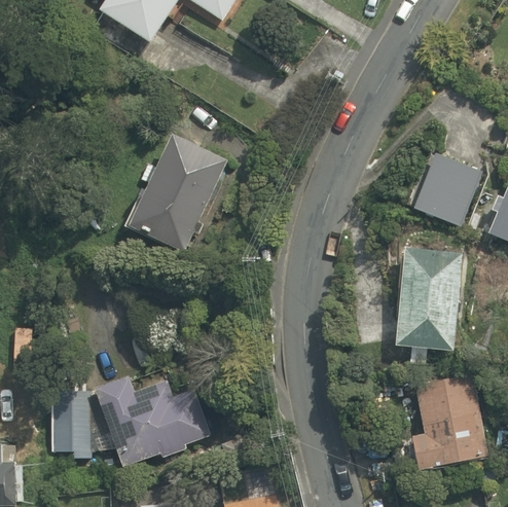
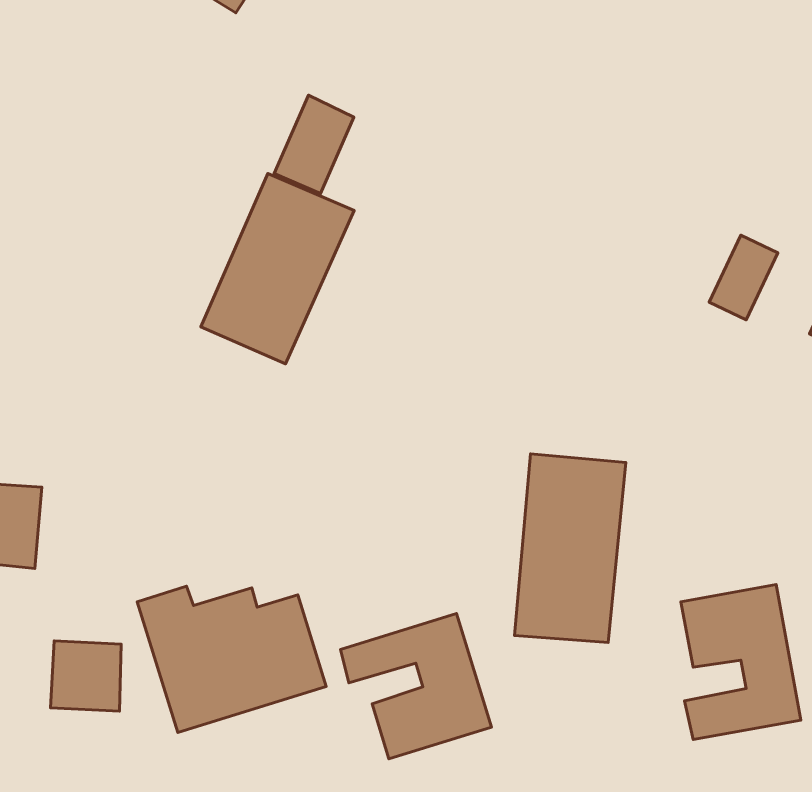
building: none -> [274,95,354,194]
building: [398,244,463,354] -> [515,454,626,642]
building: none -> [340,614,492,759]

